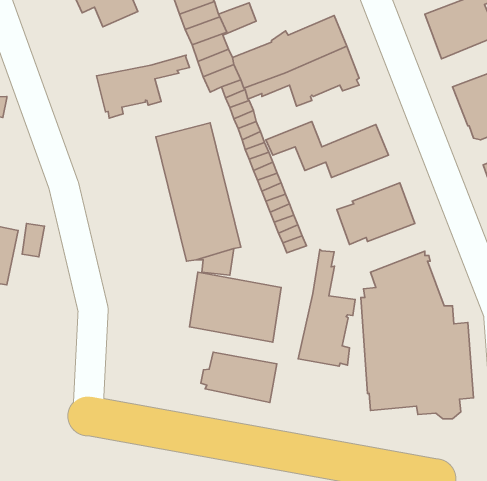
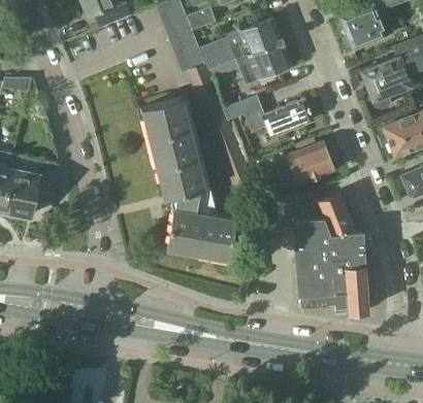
building: [97,55,189,118] -> none
building: [298,250,355,366] -> none
building: [201,352,277,402] -> none

